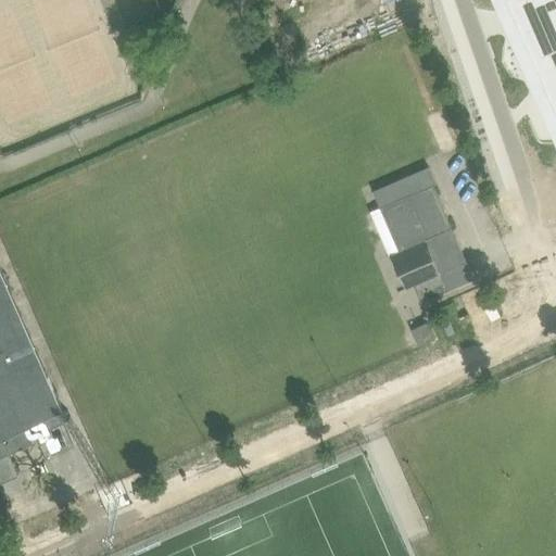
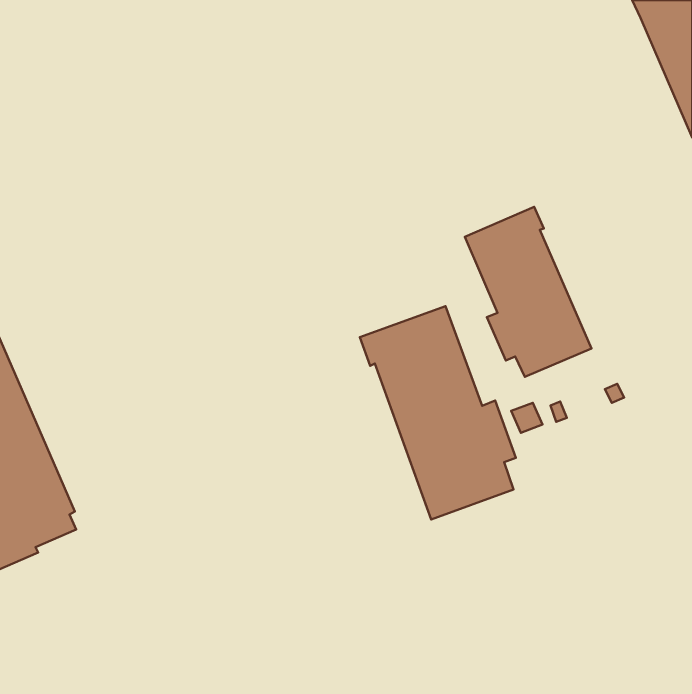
building: none -> [360,306,516,519]

